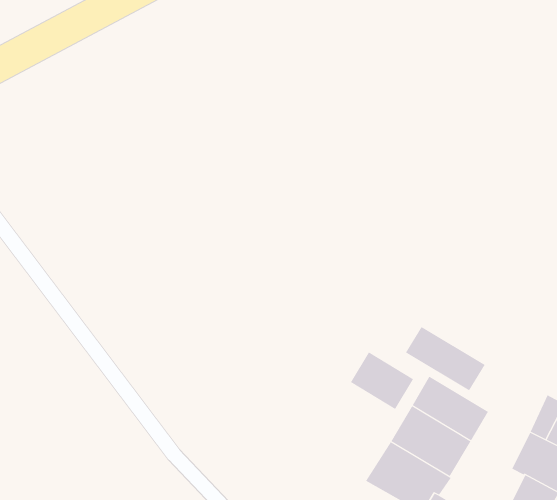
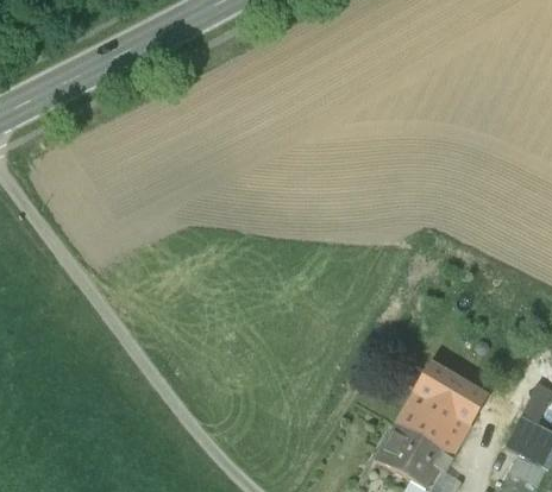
building: [405,326,486,391] -> none
building: [350,352,414,410] -> none

